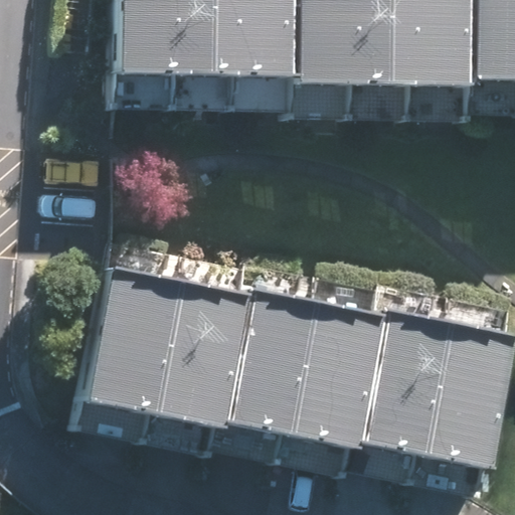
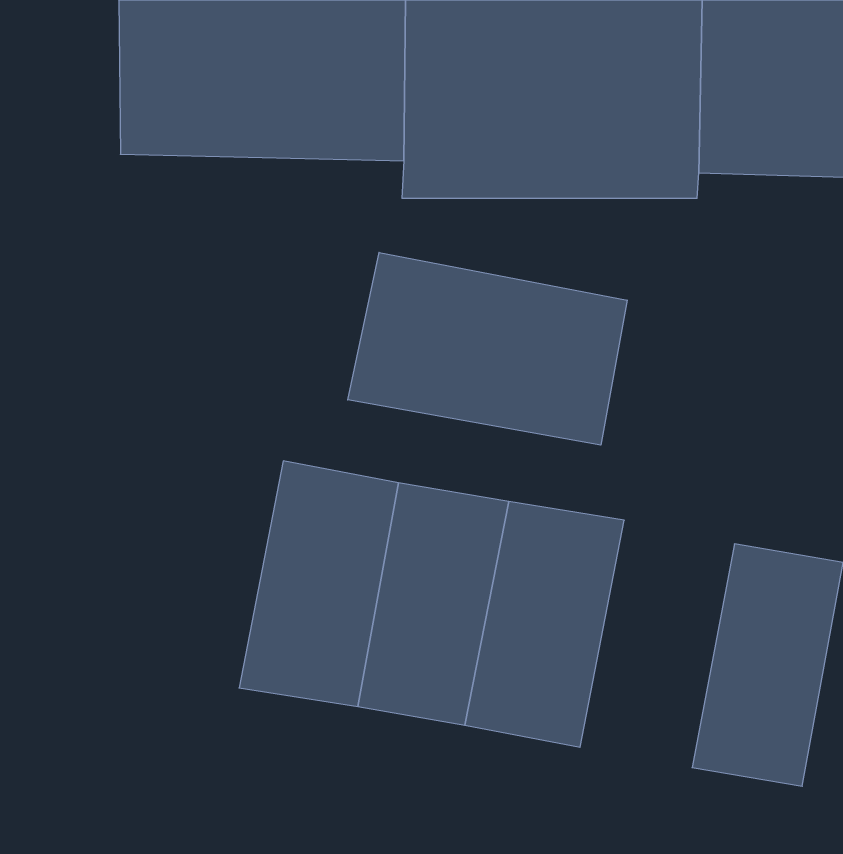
building: none -> [348,252,627,445]
building: [89,269,182,415] -> none
building: [358,316,450,463] -> none

